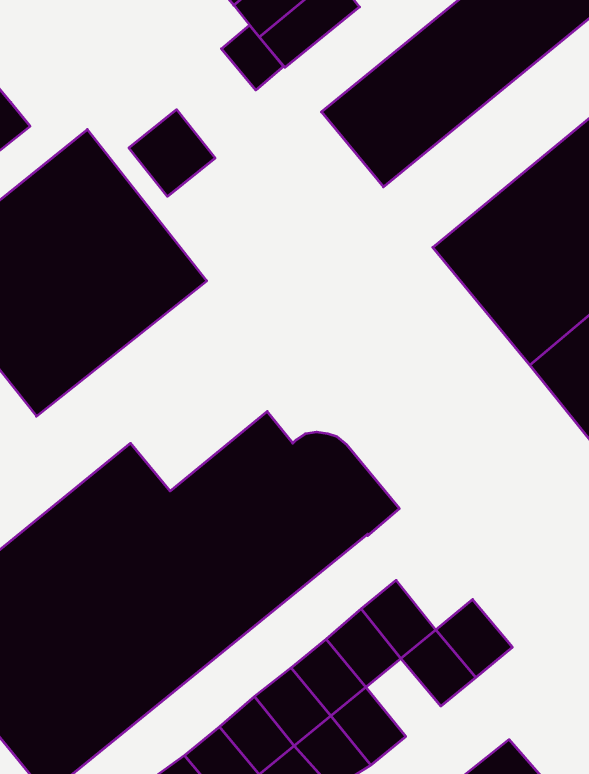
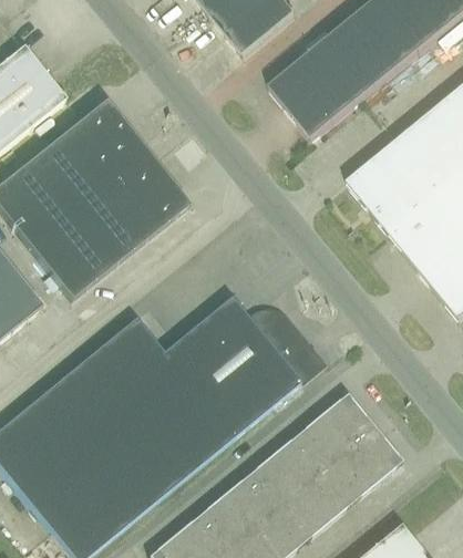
building: [221,25,284,90] -> none
building: [129,110,215,196] -> none
building: none -> [321,392,374,447]
building: none -> [300,467,352,521]

